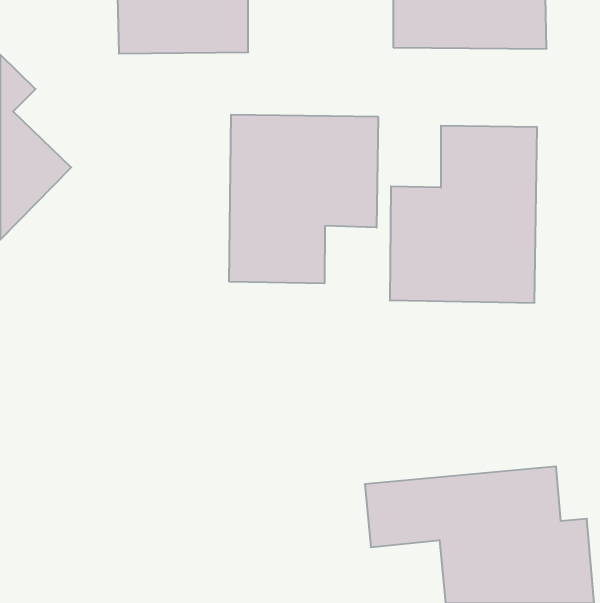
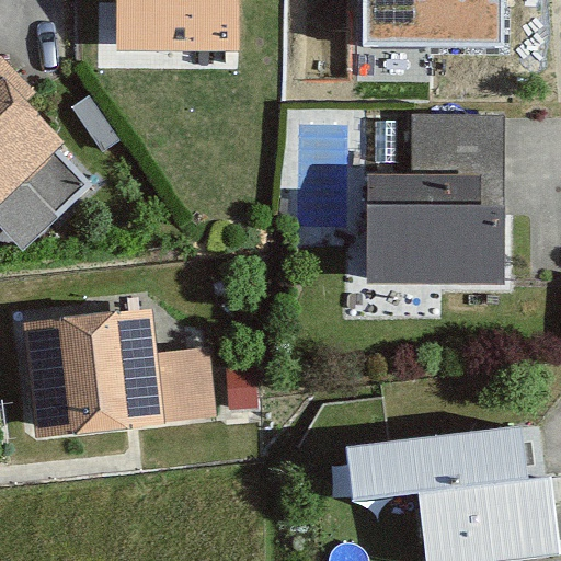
building: [229,115,378,283] -> none
building: none -> [25,312,209,435]

